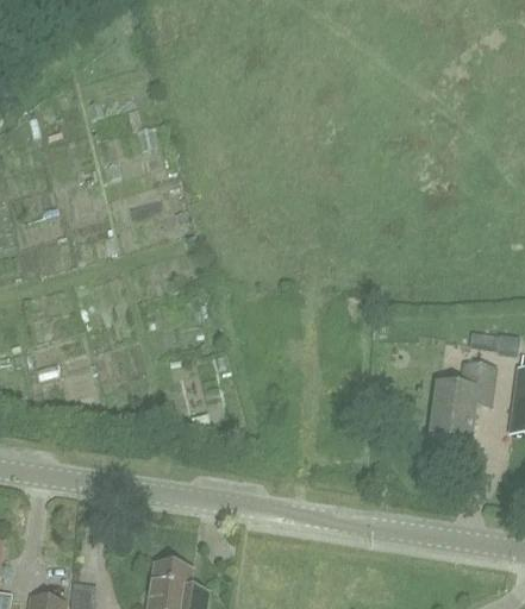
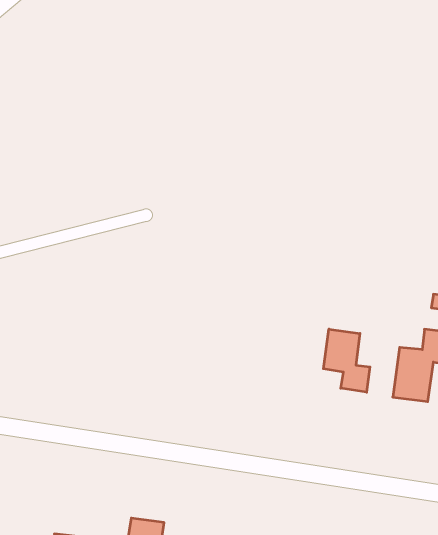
building: none -> [323,329,370,392]

